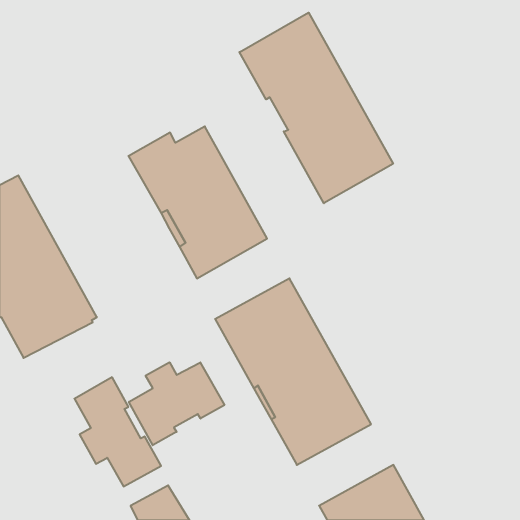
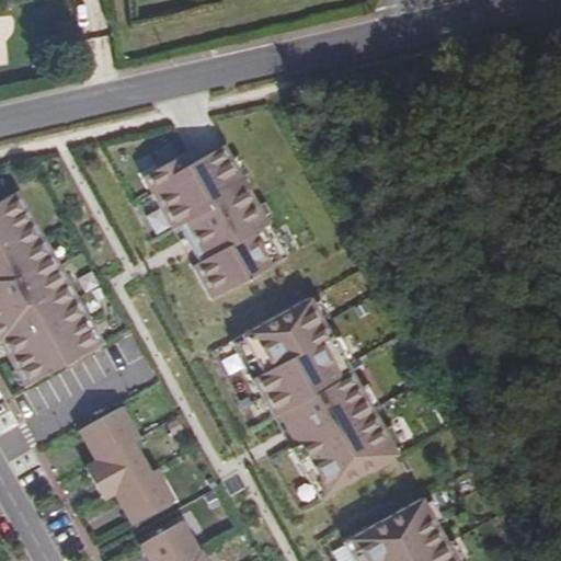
building: [239,13,393,203] -> none
building: [129,362,224,445] -> none

